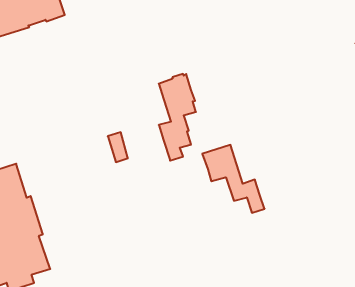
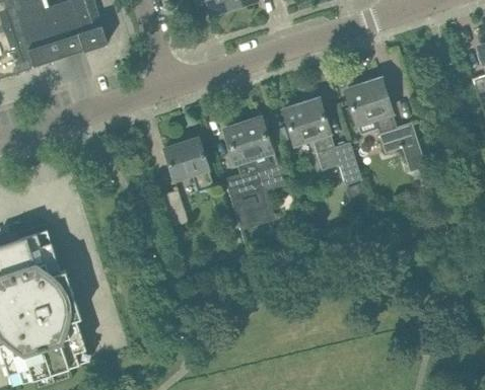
building: none -> [346,78,425,171]
building: none -> [164,137,213,191]
building: [202,145,265,213] -> [283,98,361,183]

